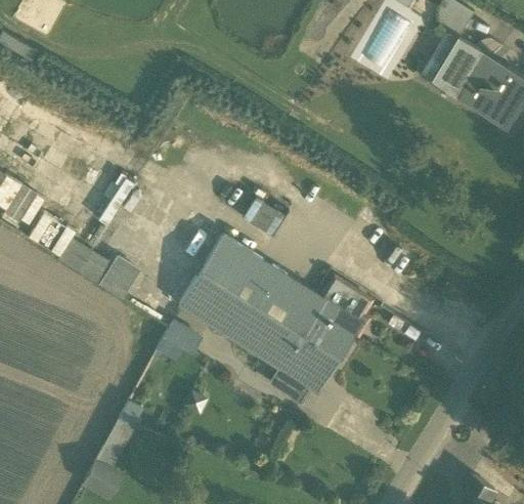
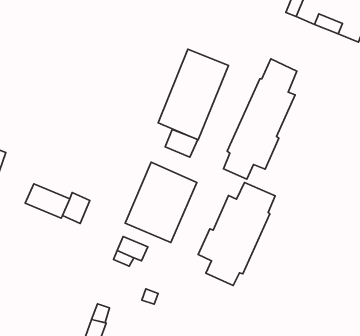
building: none -> [158,49,229,140]
building: none -> [223,59,297,179]
building: [232,269,313,360] -> none

